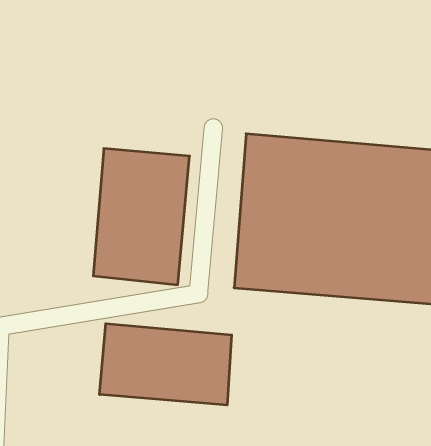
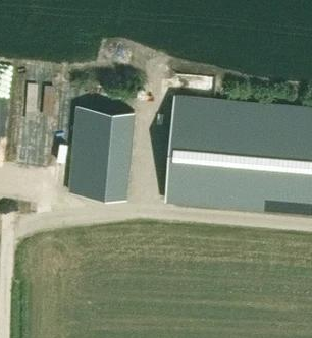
building: [100,324,232,405] -> none

